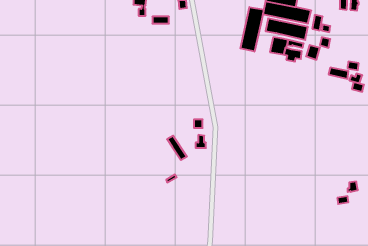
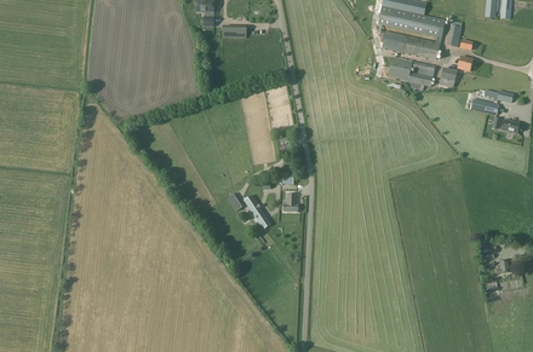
building: [240,7,264,52] -> none

